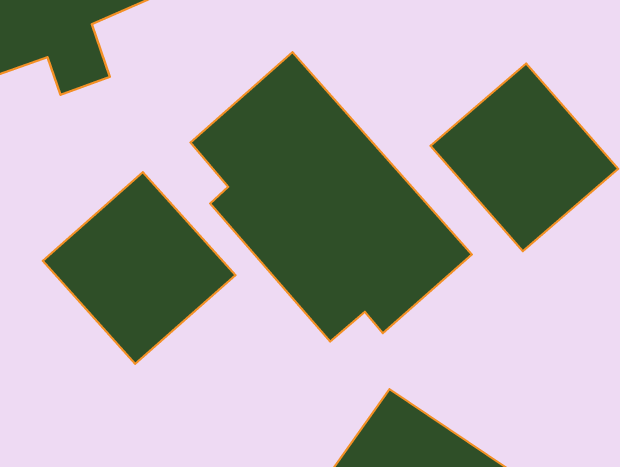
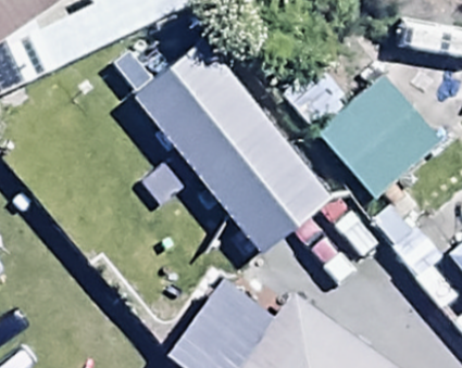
building: [43,172,235,364] -> none

